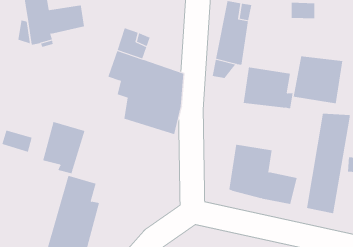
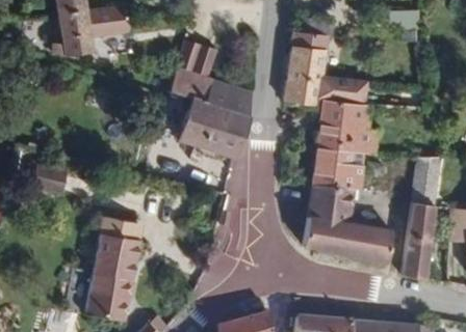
building: [293,56,343,104] -> [314,129,377,188]
building: [42,121,85,174] -> none

